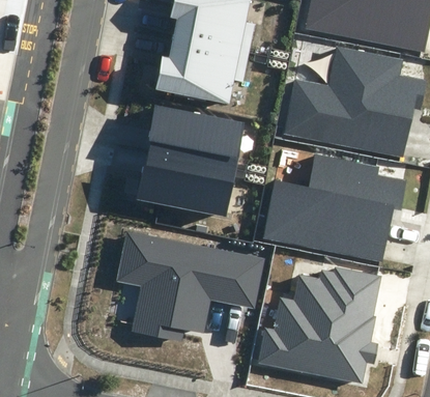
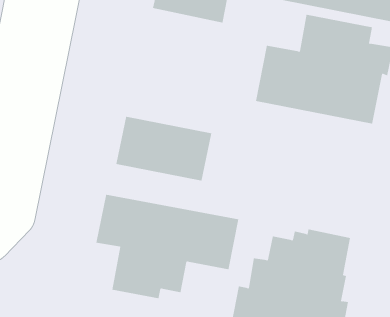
building: [155,37,248,104] -> none
building: [146,104,246,167] -> none
building: [261,152,405,261] -> none

